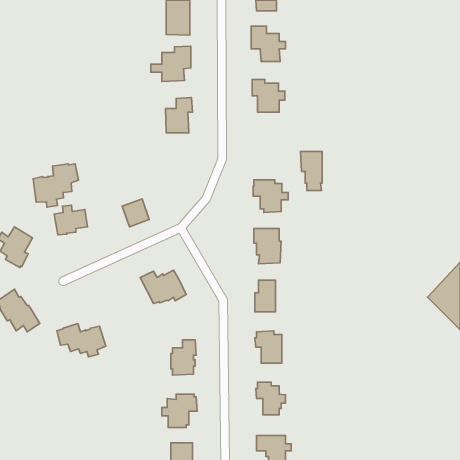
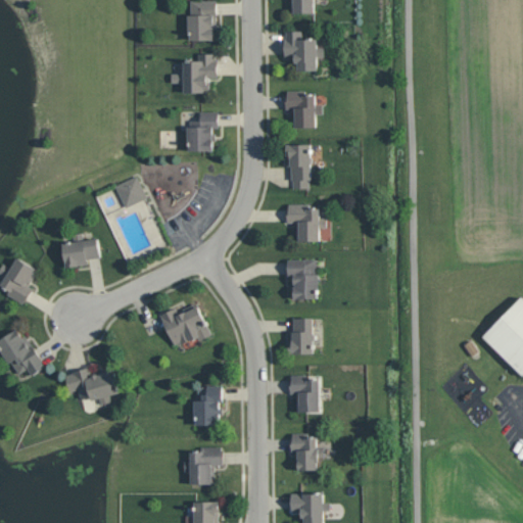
building: [301,152,322,190] -> [285,145,310,189]
building: [33,164,78,207] -> none
building: [122,199,149,227] -> [114,177,145,208]

